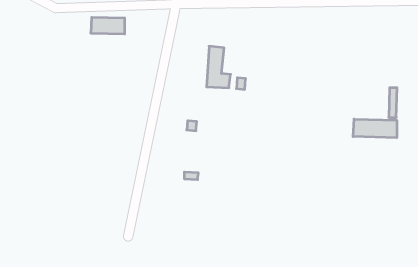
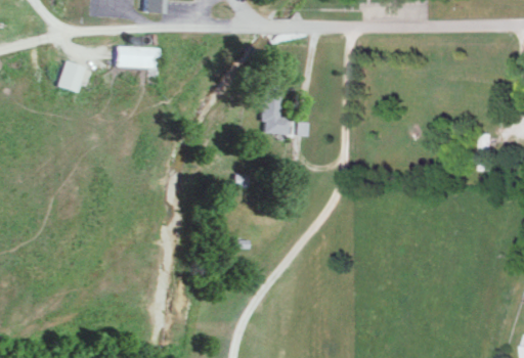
building: none -> [57,61,85,93]
building: [353,119,397,138] -> none

